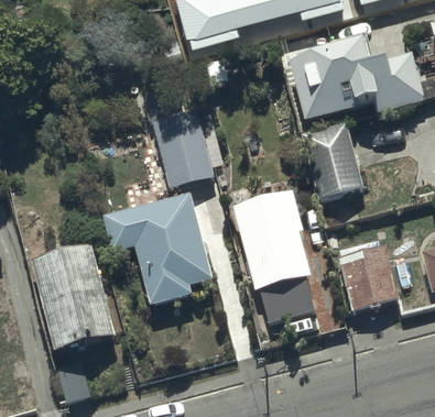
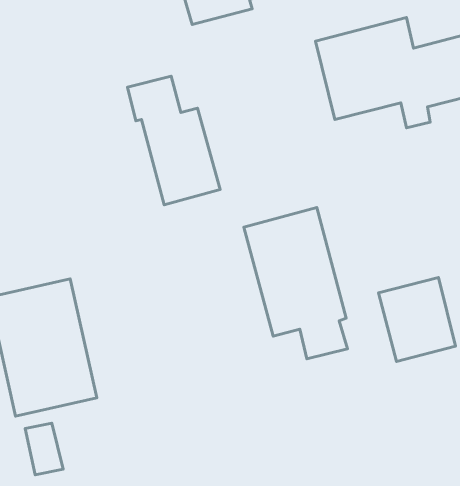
building: [301,121,363,199] -> none
building: [102,191,211,303] -> none

